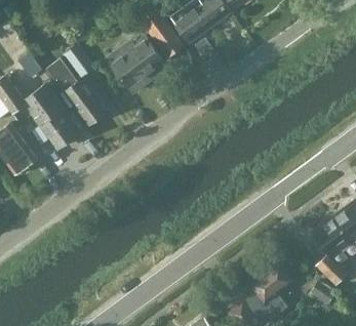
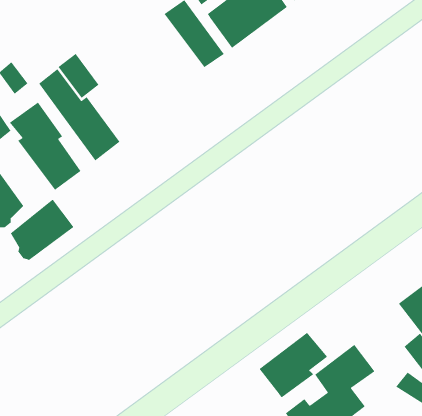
building: [109,40,166,98] -> none
building: none -> [10,198,75,261]
building: none -> [258,332,328,398]

